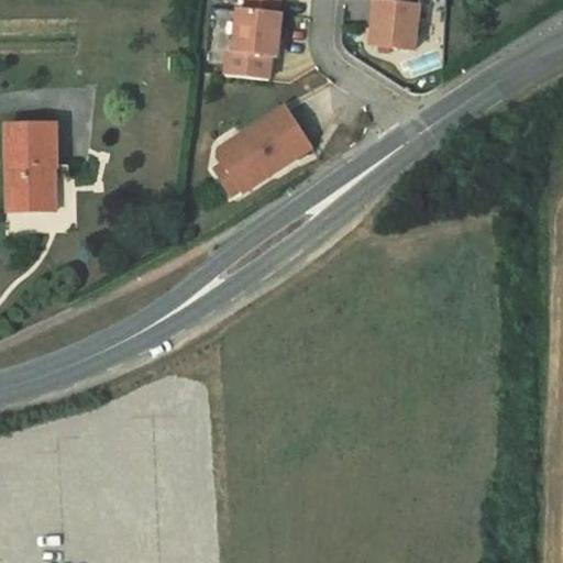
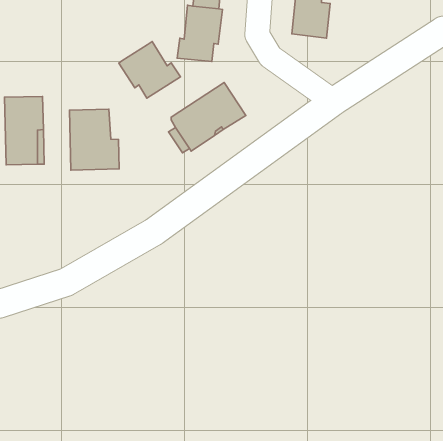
building: none -> [119,41,181,98]
building: none -> [69,109,119,170]

